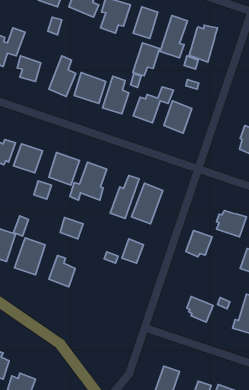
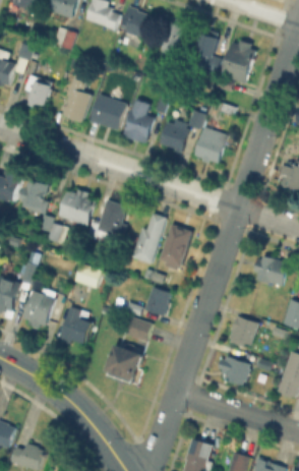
building: [133,43,160,76] -> none
building: [186,231,212,257] -> [228,316,258,347]
building: none -> [126,316,153,342]
building: none -> [106,344,145,387]

